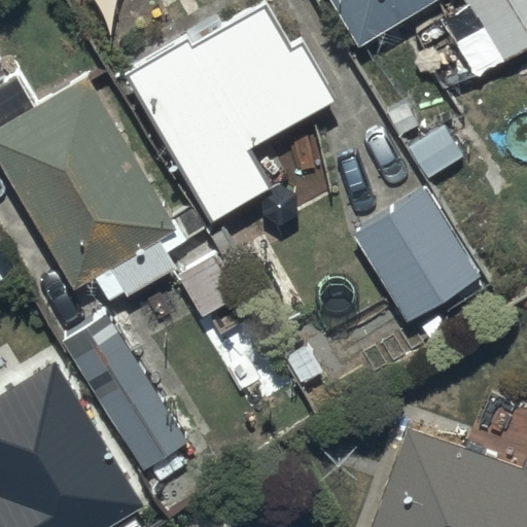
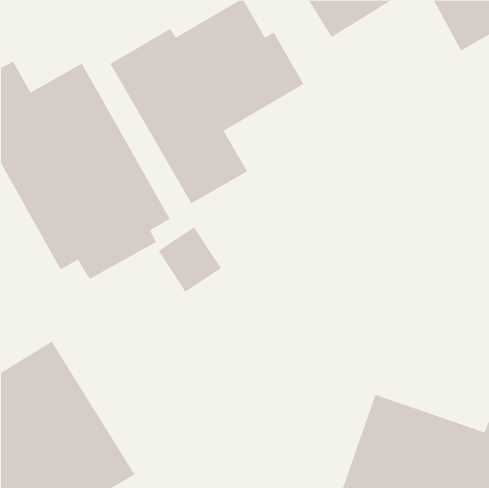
building: [353,187,479,317] -> none
building: [59,311,191,476] -> none

